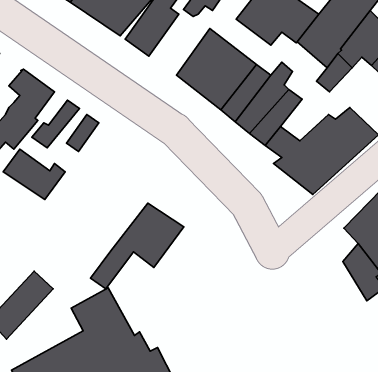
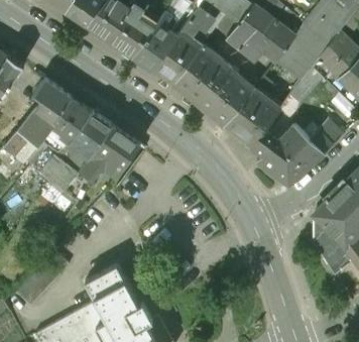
building: none -> [150,30,202,86]
building: [90,203,184,289] -> [63,127,141,200]

